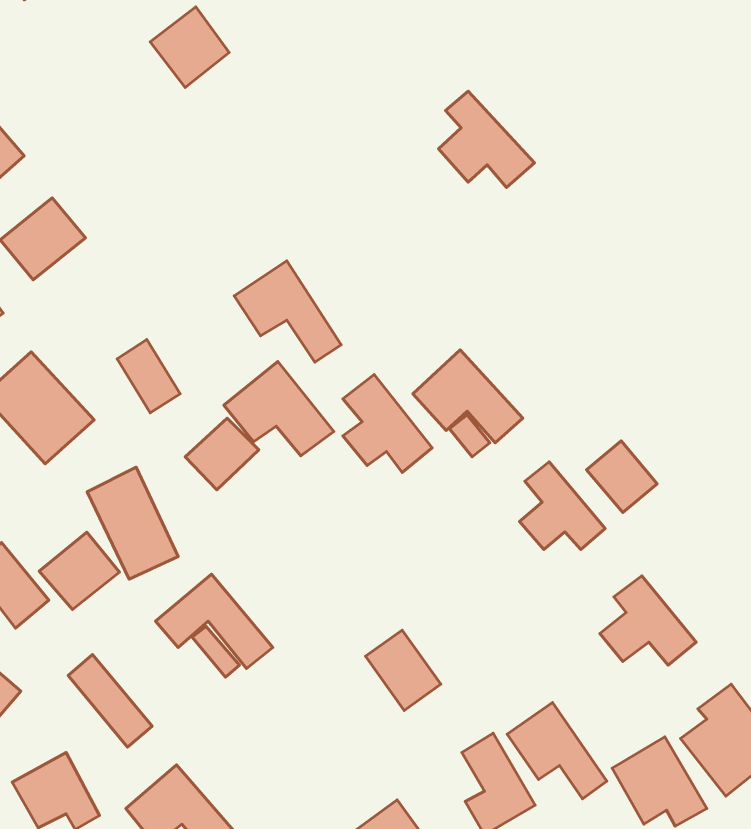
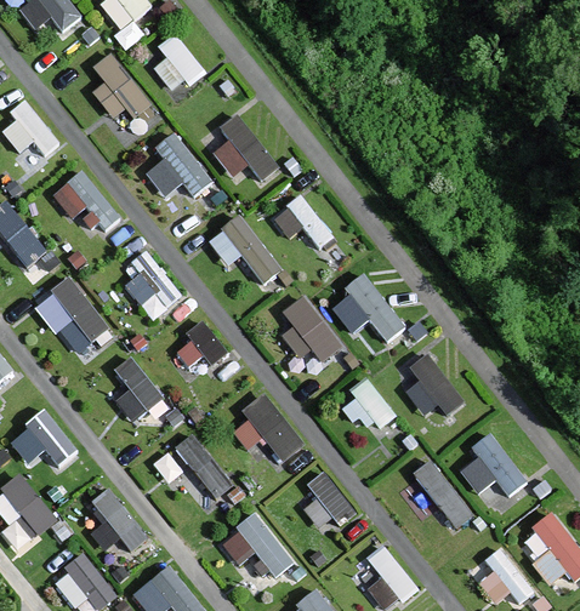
building: none -> [84,55,147,120]
building: [438,91,535,187] -> [214,116,280,183]
building: none -> [146,133,214,200]
building: none -> [272,194,335,250]
building: [224,361,334,456] -> [228,396,305,462]
building: [587,441,657,513] -> none
building: none -> [340,383,392,434]
building: [39,532,120,610] -> none
building: none -> [220,514,292,577]
building: [507,703,607,799] -> [403,462,472,529]

